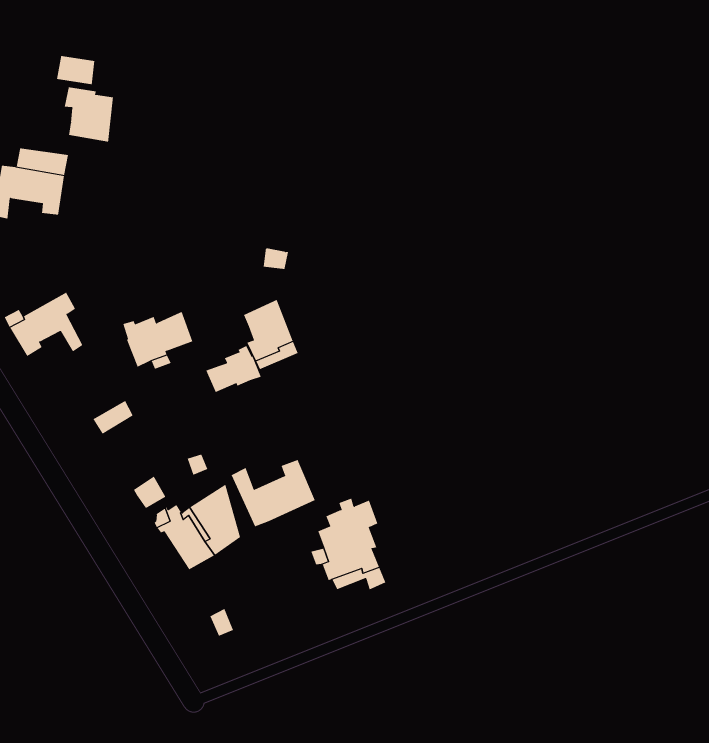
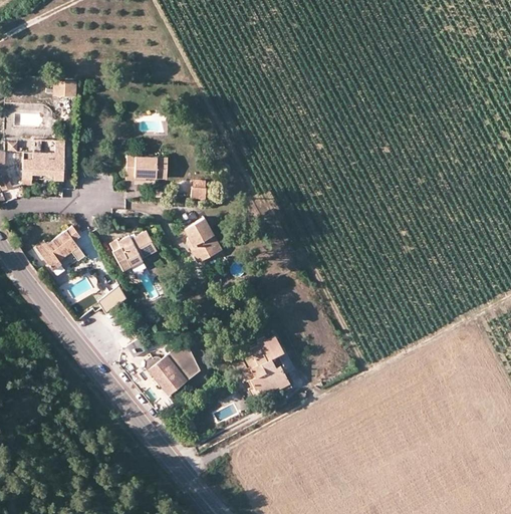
building: [64,86,113,142] -> none
building: none -> [126,158,168,182]
building: [205,345,262,393] -> none
building: [231,459,316,527] -> none

